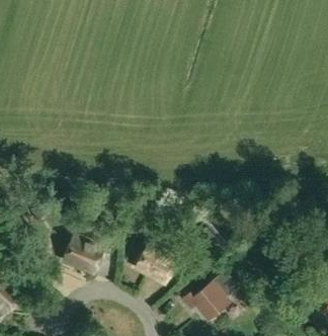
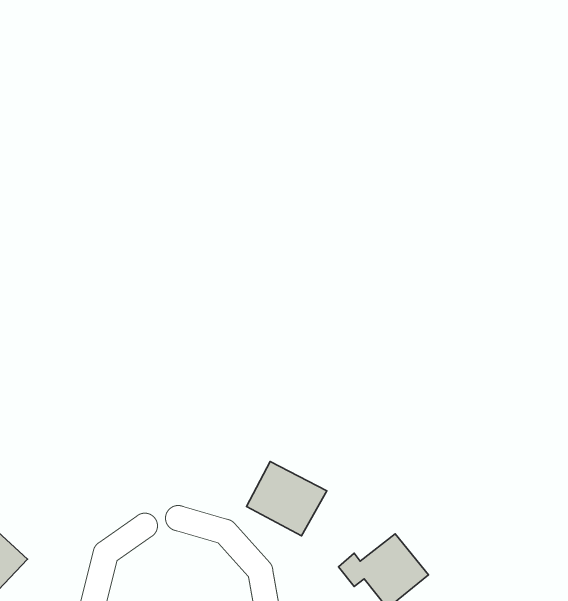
building: [64,236,103,272] -> none

